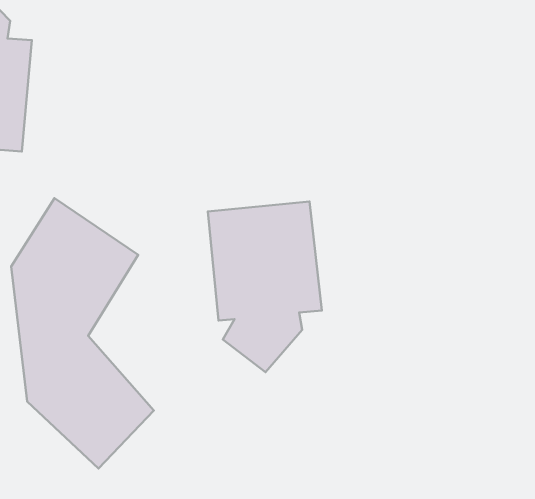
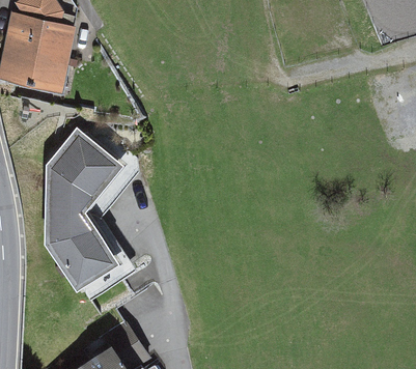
building: [208,201,322,372] -> none

